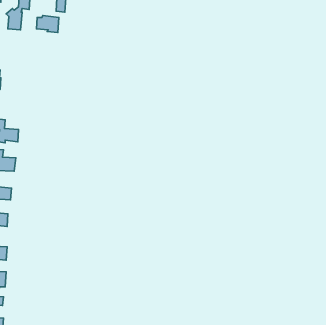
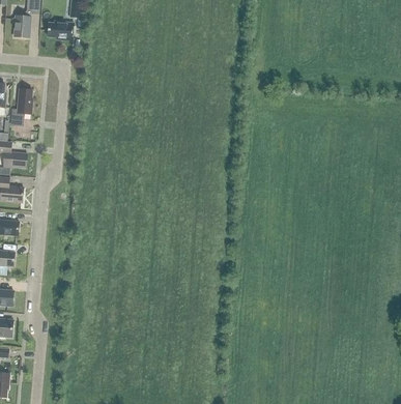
building: none -> [9,87,32,124]

